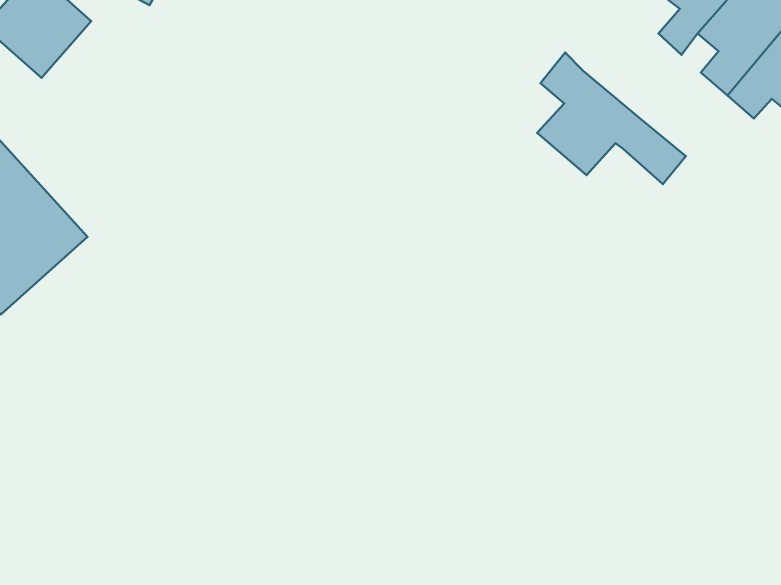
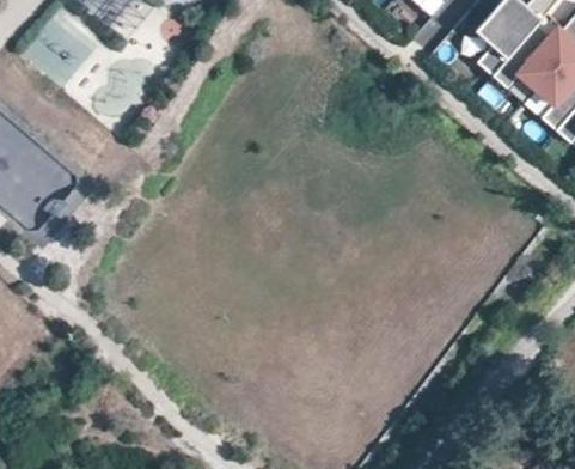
building: [537,53,686,184] -> none

